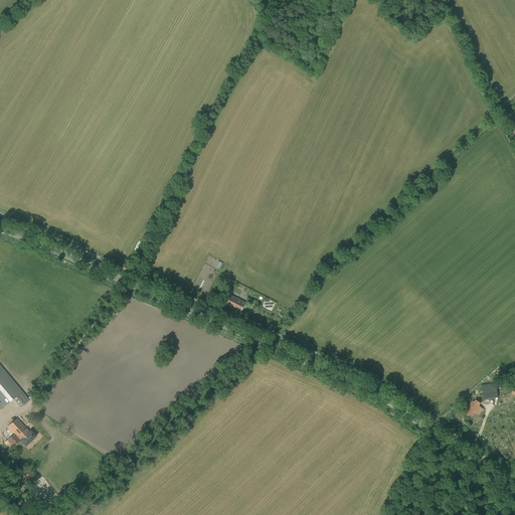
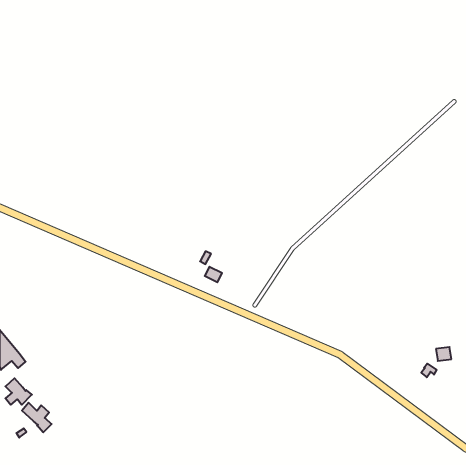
building: none -> [22,403,52,432]

